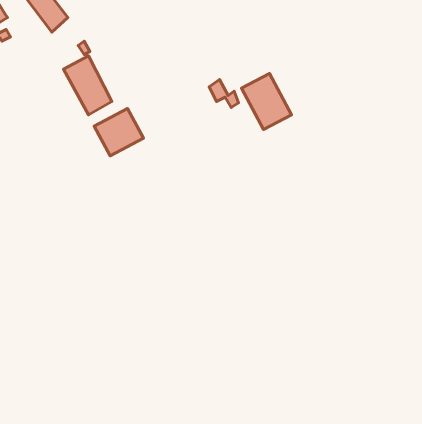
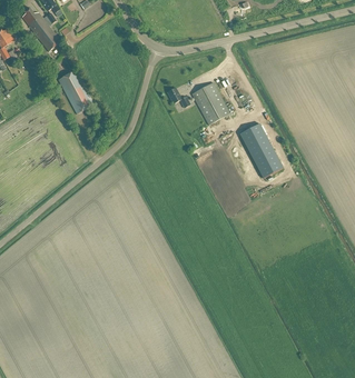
building: [94,108,143,156] -> none
building: none -> [239,122,283,178]

